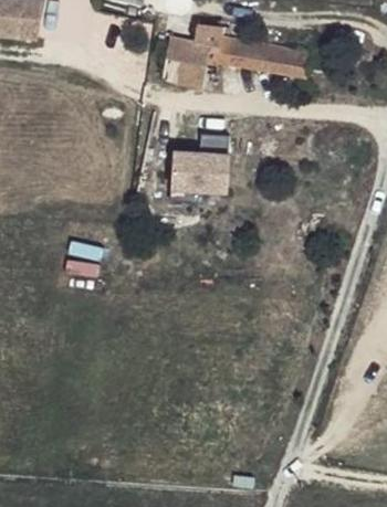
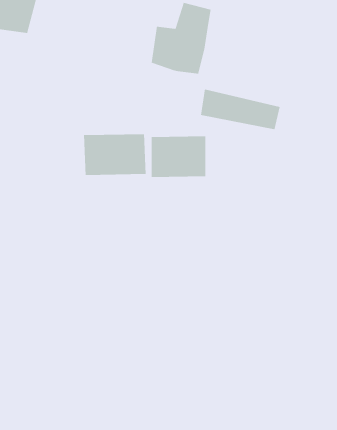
building: [223,33,308,76] -> [200,89,280,130]
building: none -> [84,133,146,176]

